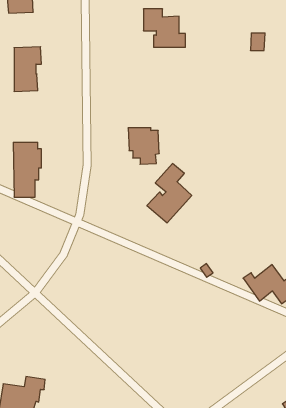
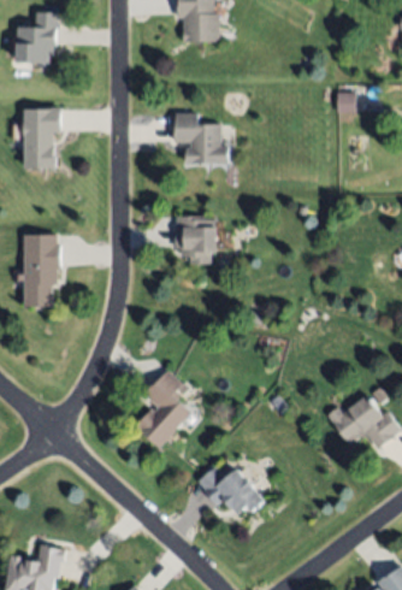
building: [143,9,185,47] -> [173,113,229,164]
building: [147,164,192,223] -> [134,370,193,448]
building: none -> [199,466,264,514]

